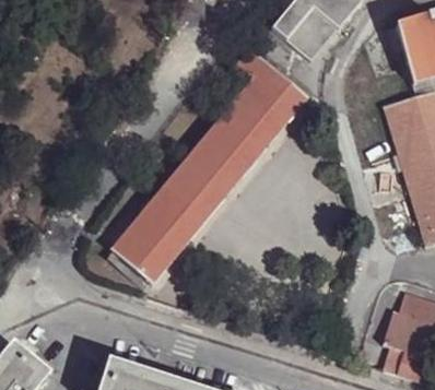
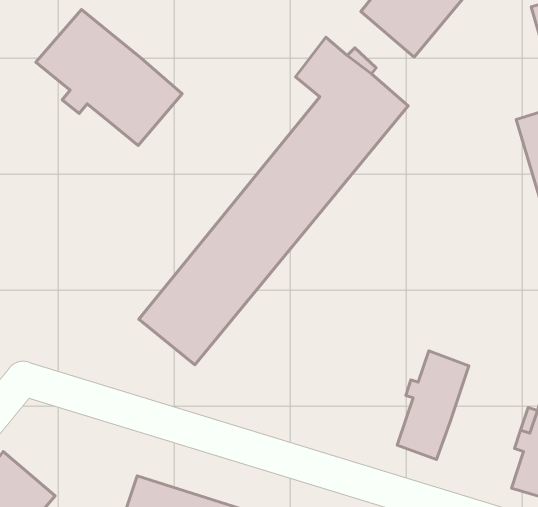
building: none -> [36,10,182,145]
building: none -> [397,351,469,459]

